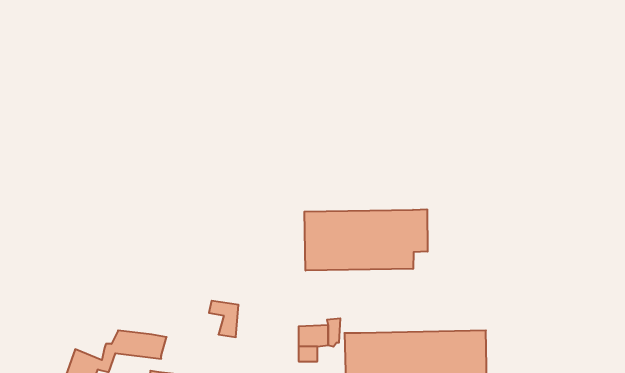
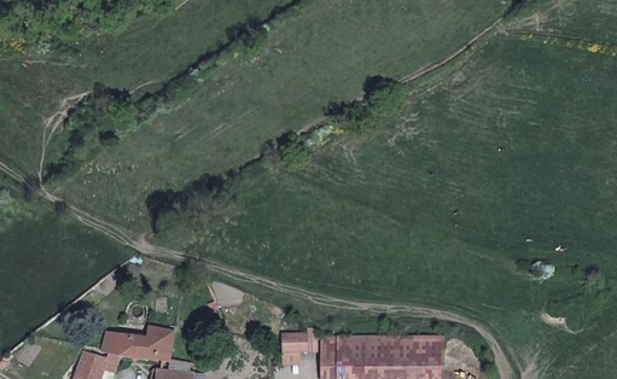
building: [304,209,428,271] -> none
building: [209,301,239,337] -> [147,325,174,357]

